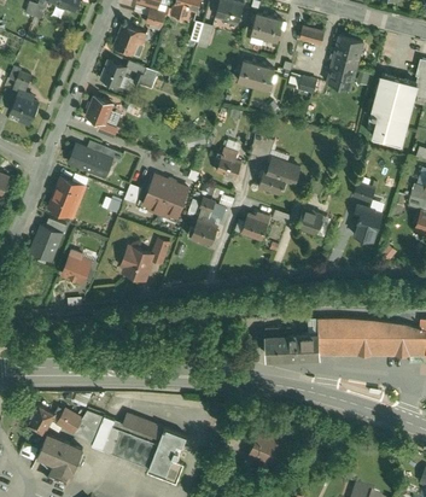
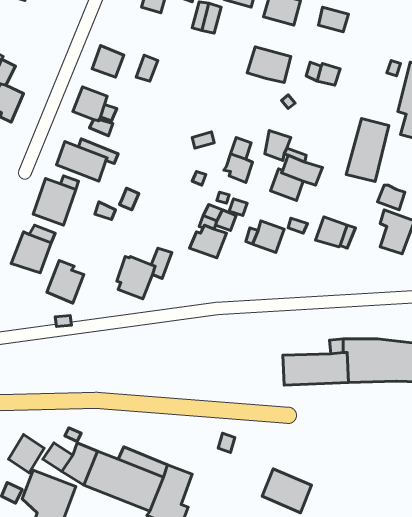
building: [112,23,146,55] -> none
building: [326,34,363,89] -> [346,118,389,181]
building: [141,171,191,220] -> none

